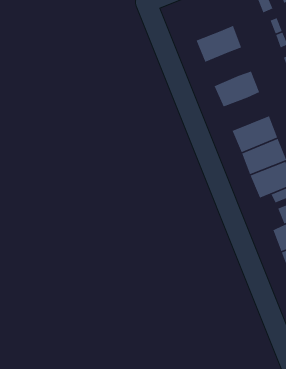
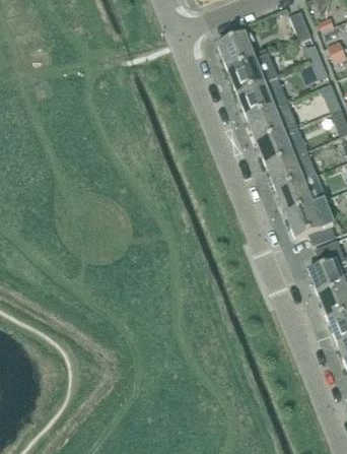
building: none -> [218,35,255,70]
building: none -> [238,78,288,119]
building: none -> [258,126,307,167]

